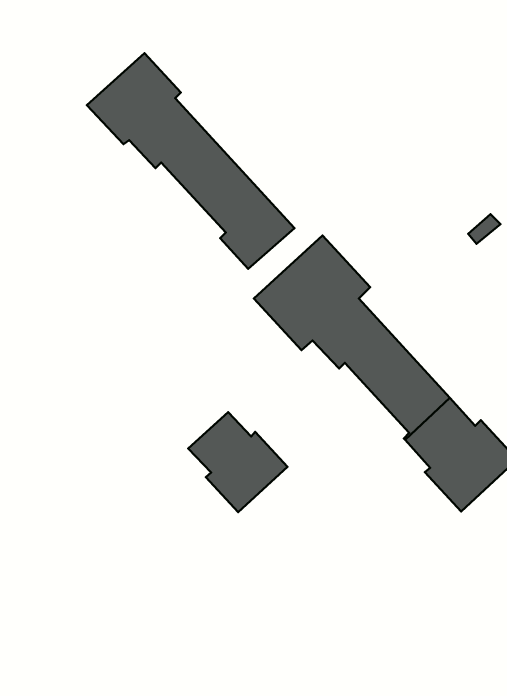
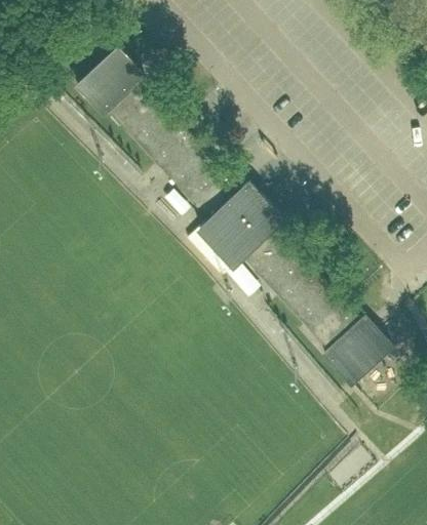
building: [188,412,287,512] -> none

